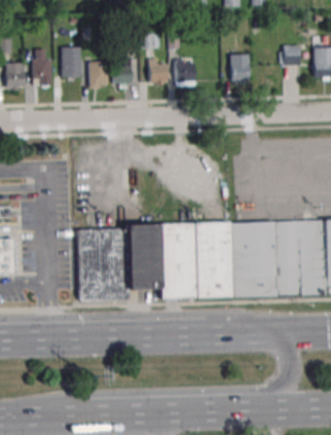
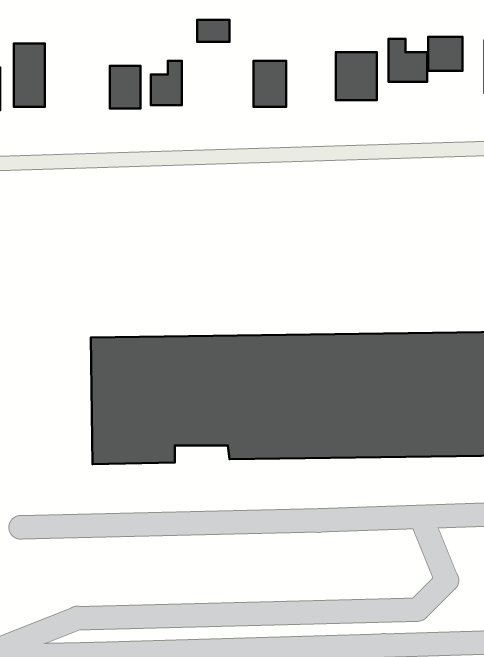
building: none -> [388,39,427,82]
building: [62,46,80,77] -> none
building: [149,59,168,84] -> none

